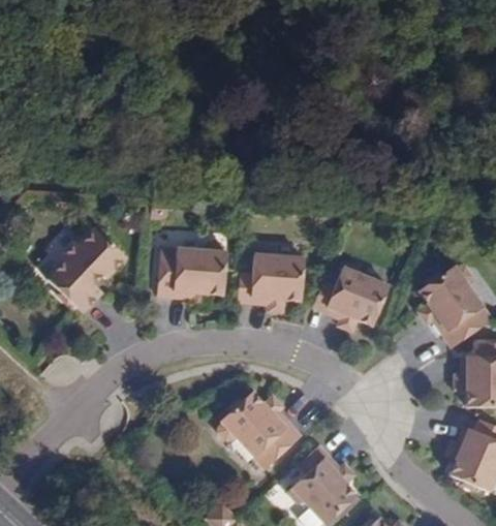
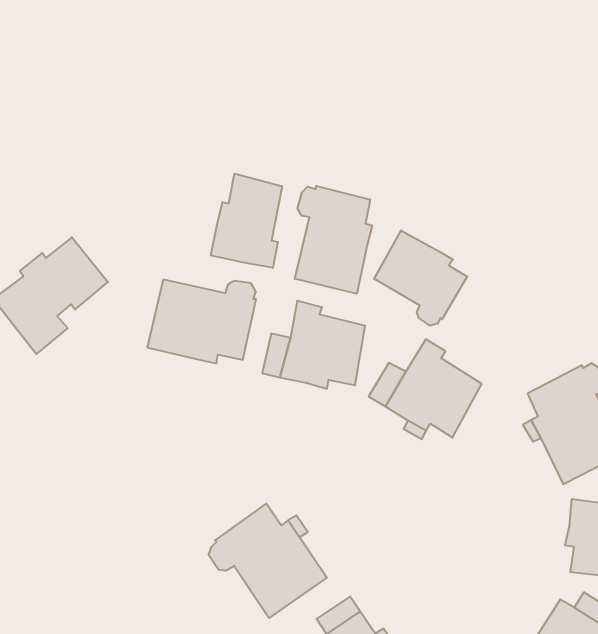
building: none -> [211,174,282,268]
building: none -> [295,186,372,294]
building: none -> [374,230,467,326]

